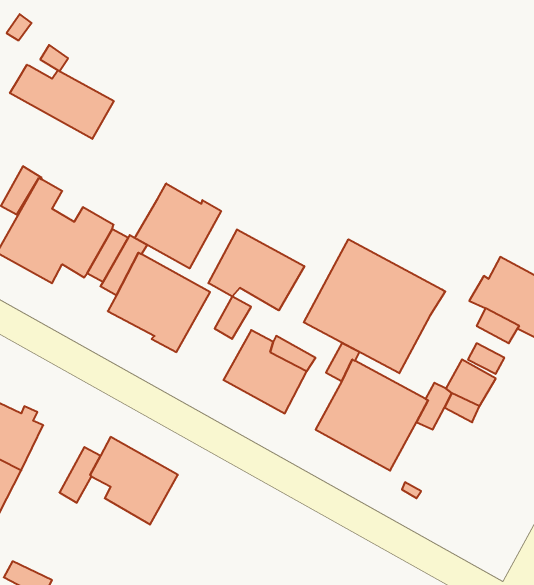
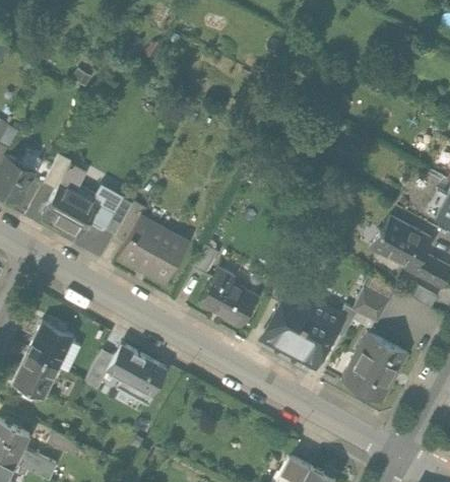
building: [10,65,114,139] -> none
building: [135,183,221,268] -> none
building: [208,229,304,310] -> none
building: [304,239,445,373] -> none
building: none -> [340,334,409,406]

